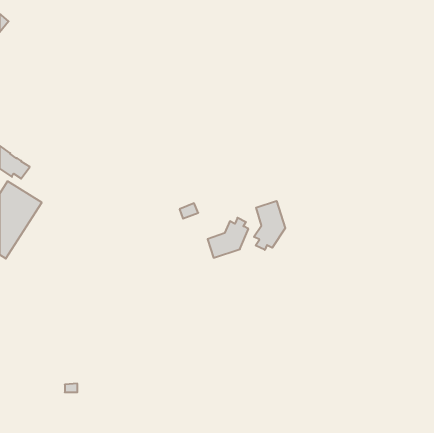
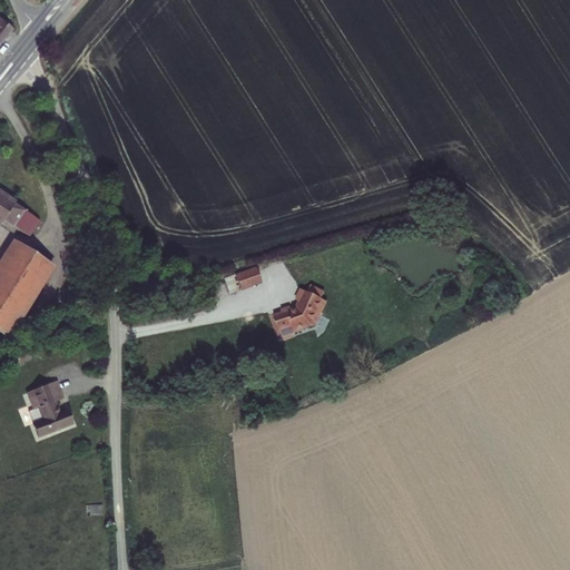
building: [254,201,285,250] -> none
building: none -> [24,379,72,436]

